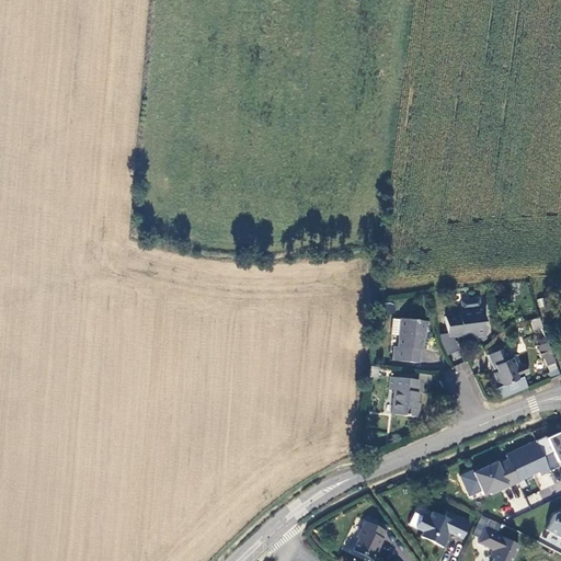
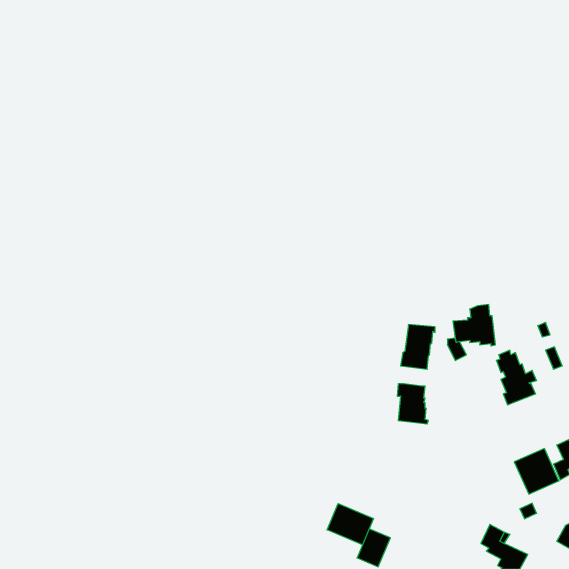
building: [472,459,516,496] -> none
building: none -> [327,504,374,545]
building: [416,511,470,546] -> none

